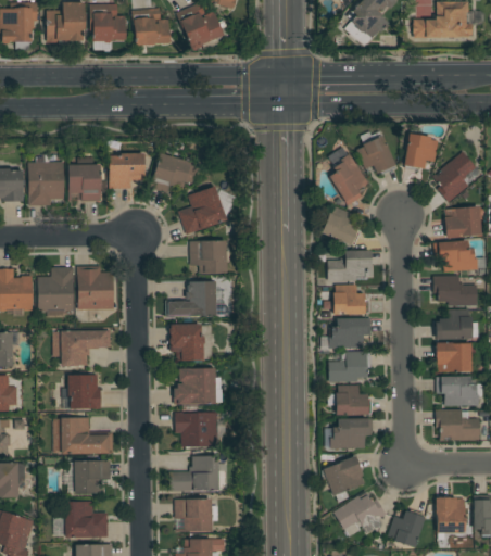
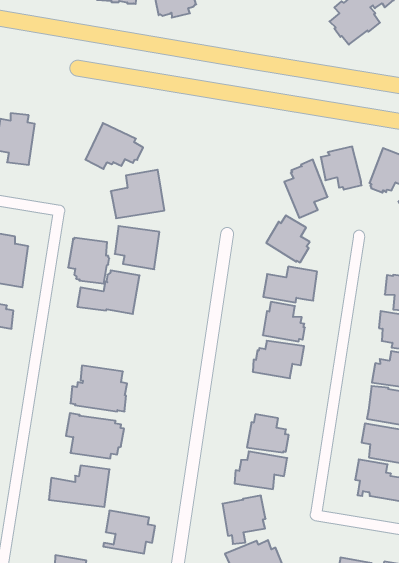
building: [109,153,144,189] -> none
building: [169,324,204,362] -> [68,238,109,284]
building: [328,351,372,382] -> none
building: [175,500,217,532] -> [103,511,155,554]

